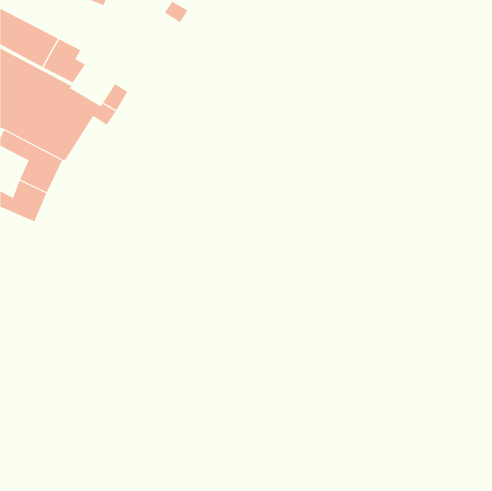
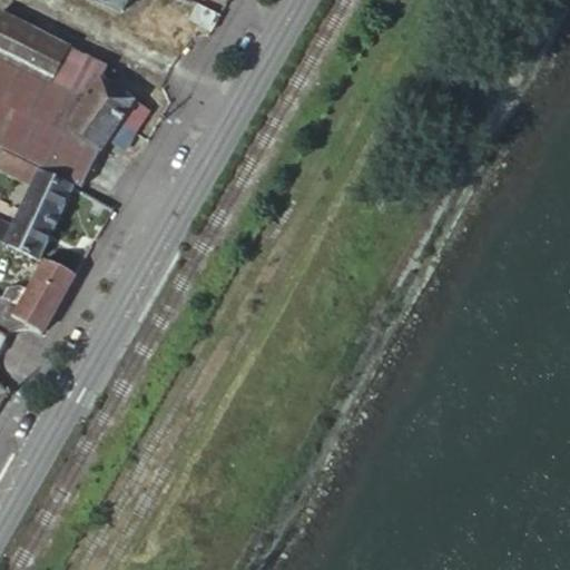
building: none -> [81,75,132,121]
building: none -> [12,258,73,331]

